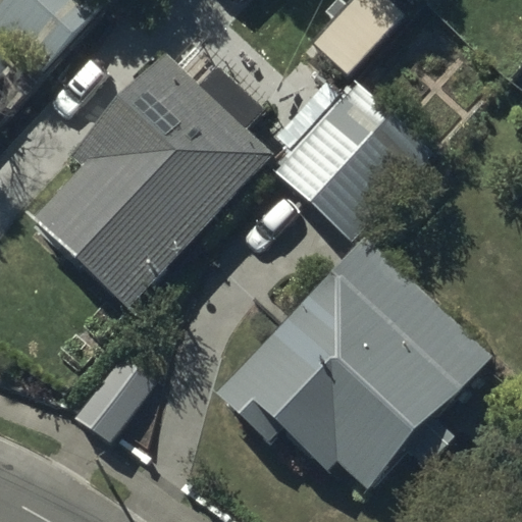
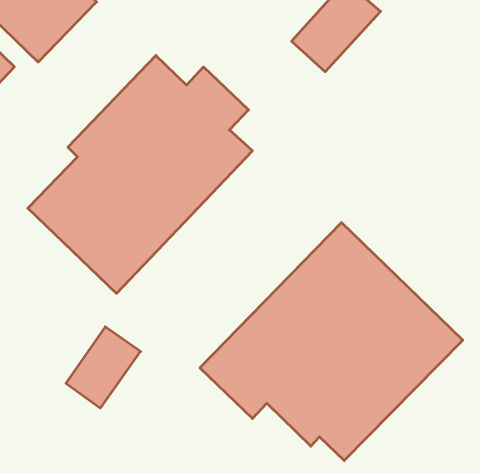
building: [276,90,425,240] -> none

